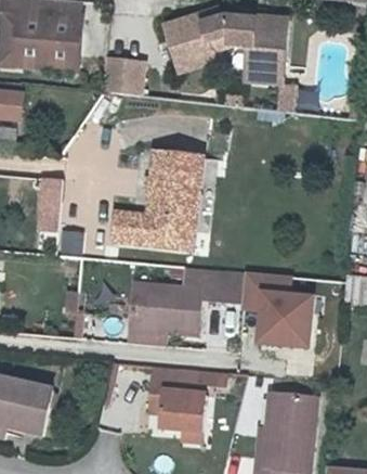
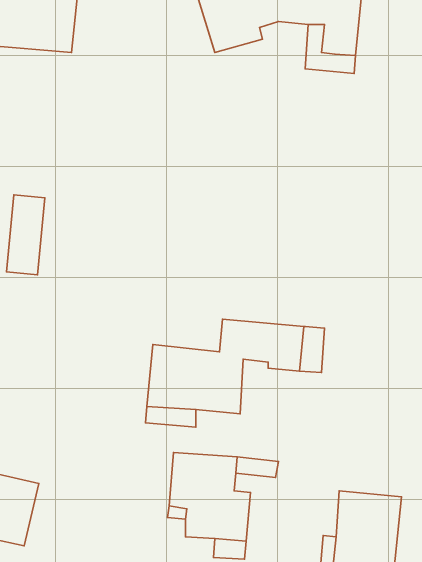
building: [102,56,143,93] -> none
building: [109,151,200,251] -> none
building: [261,295,315,348] -> none

